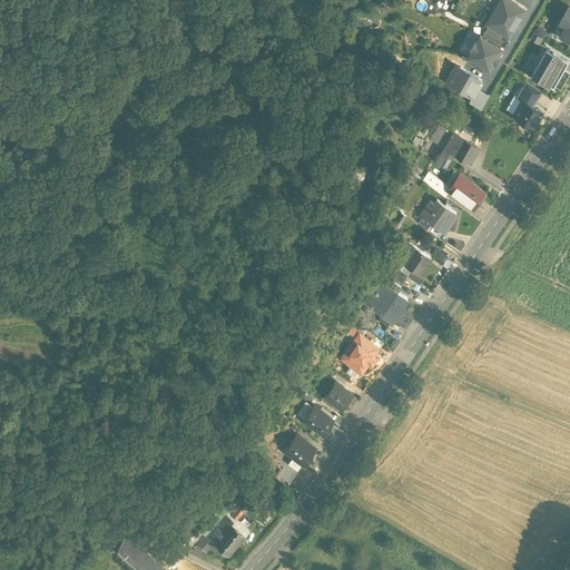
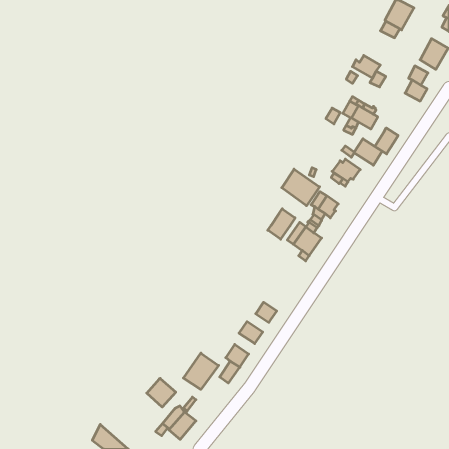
building: [468,37,501,70] -> none
building: none -> [375,128,398,154]
building: none -> [282,169,320,206]
building: none -> [268,209,295,239]
building: [345,337,379,375] -> none
building: none -> [183,353,219,389]
building: none -> [147,378,176,407]

